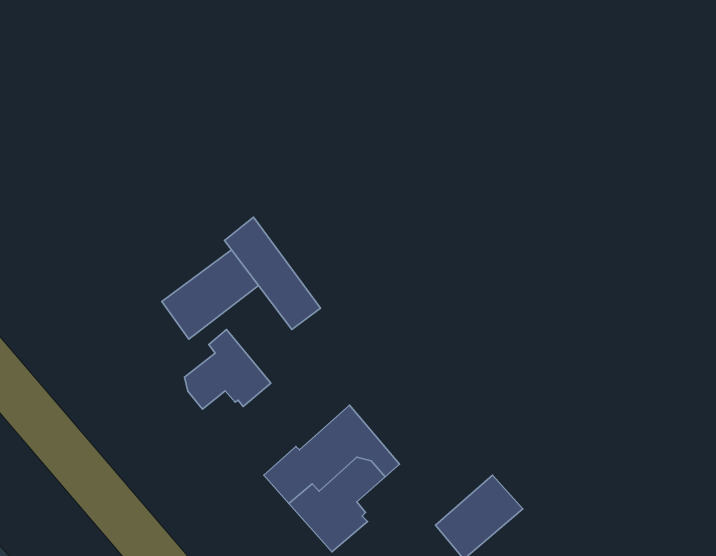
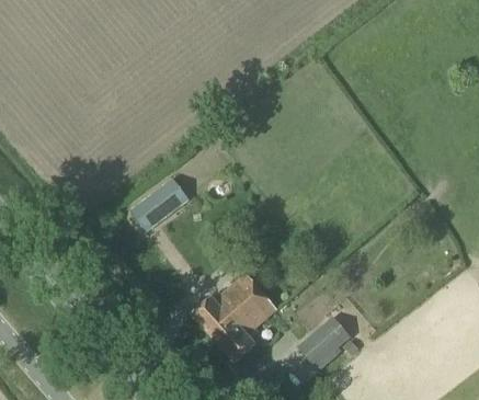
building: [225,217,321,330] -> none
building: [185,329,271,409] -> none

